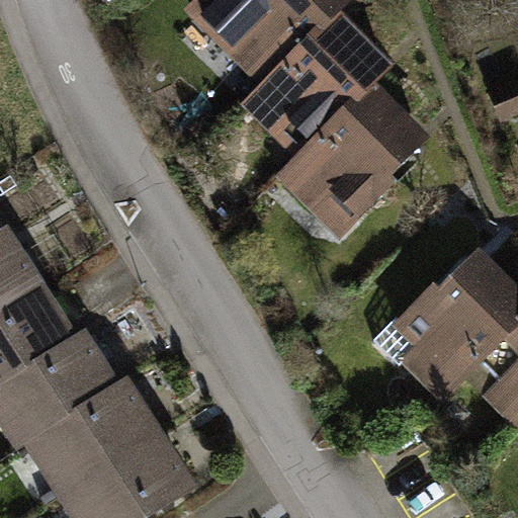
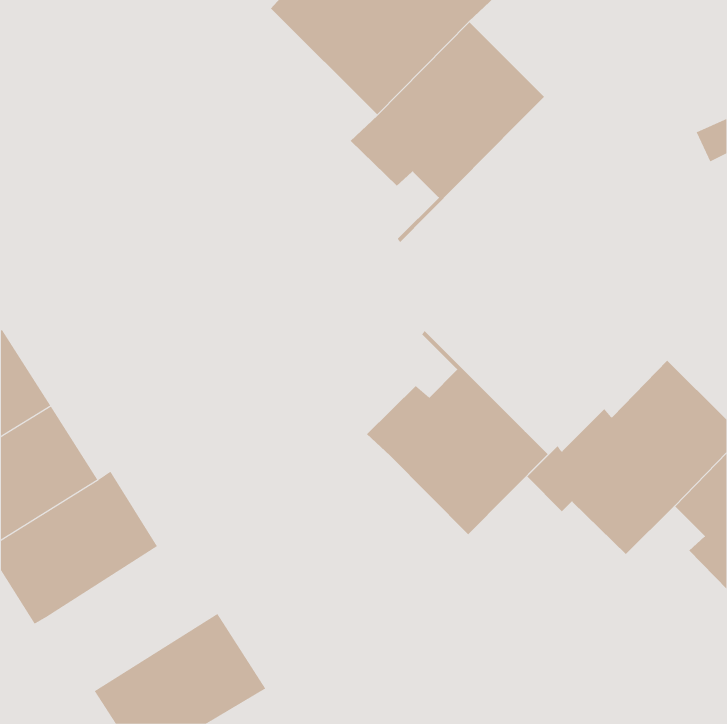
building: [284,88,423,218] -> none
building: none -> [366,330,549,535]
building: [33,382,155,492] -> none

